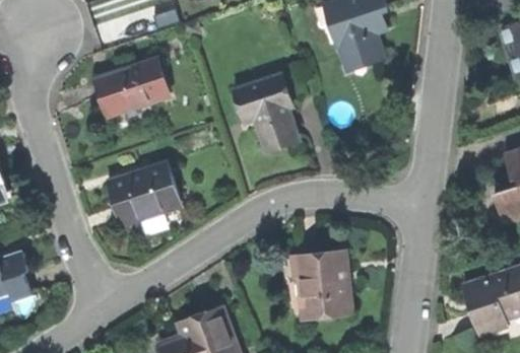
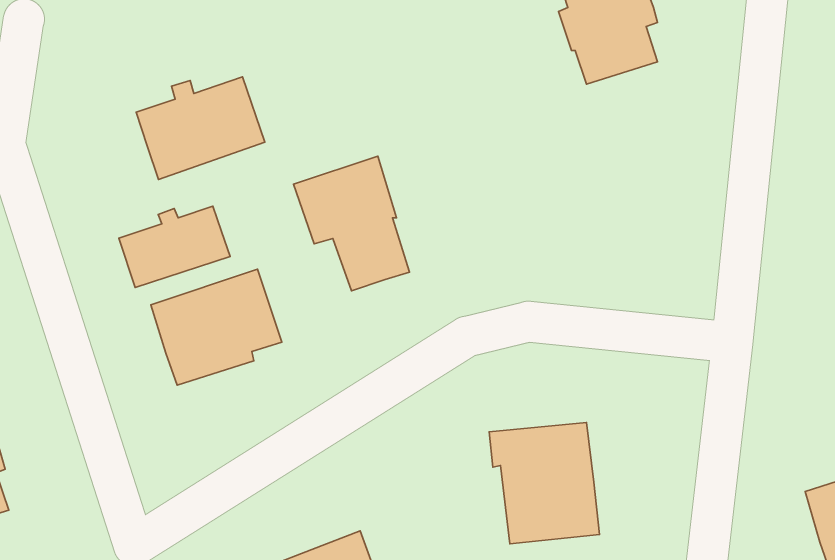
building: [233,73,296,146] -> [294,156,409,291]
building: none -> [119,206,230,288]

